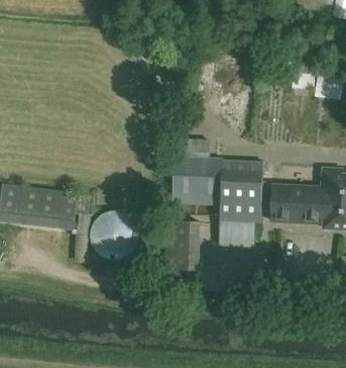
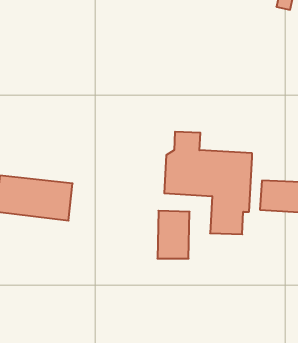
building: [90,211,138,260] -> none

